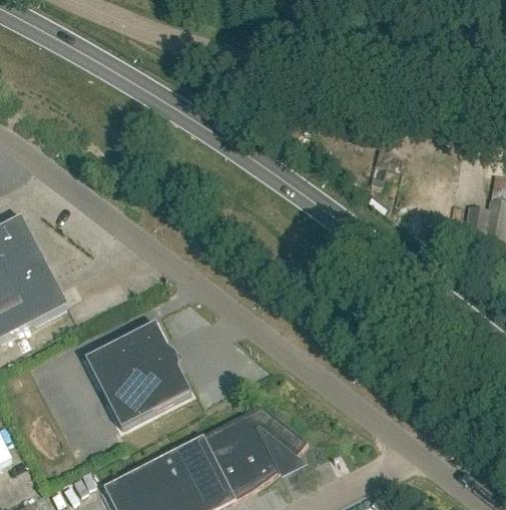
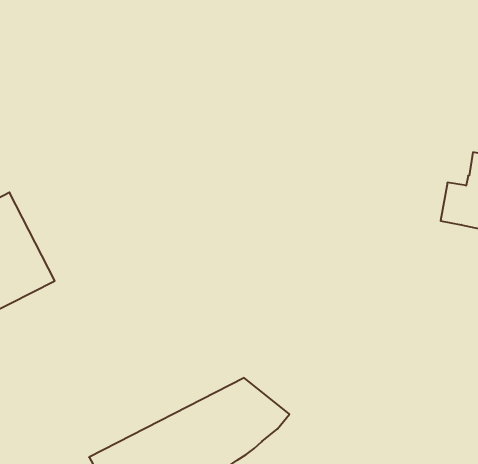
building: [85,323,191,429] -> none

